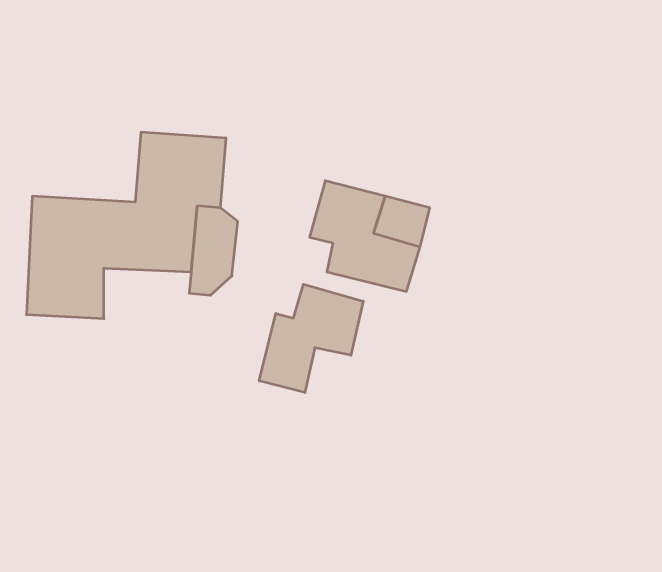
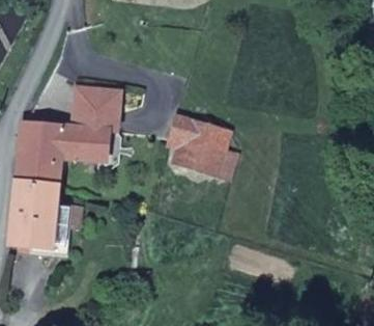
building: [259,284,363,393] -> none
building: none -> [8,185,86,251]

